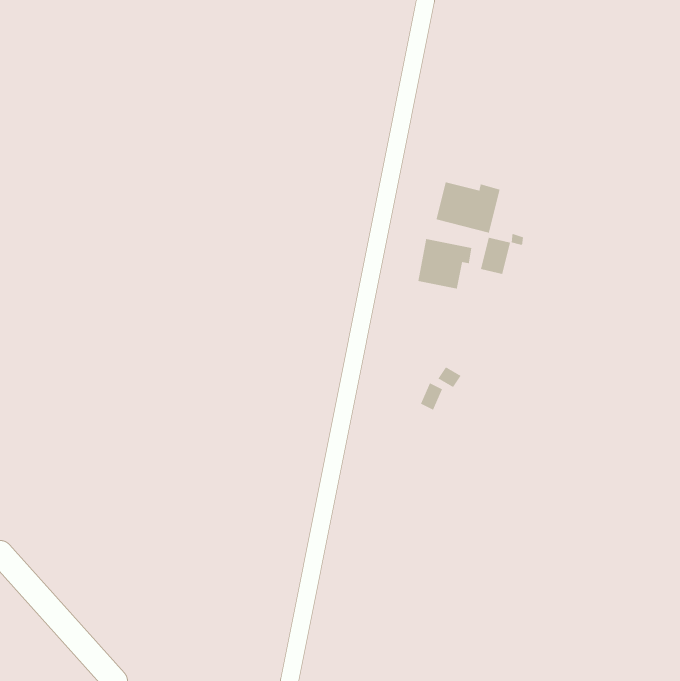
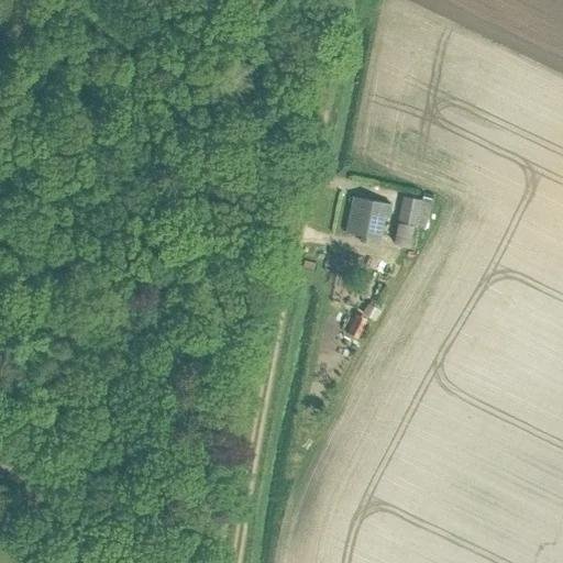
building: [436,182,500,234] -> none

